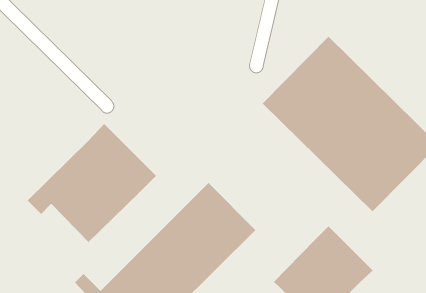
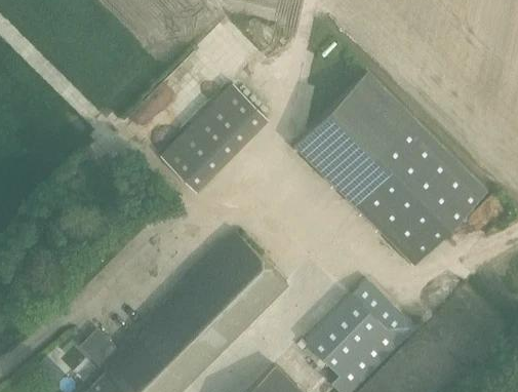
building: none -> [160,84,269,192]
building: [27,123,157,243] -> none

